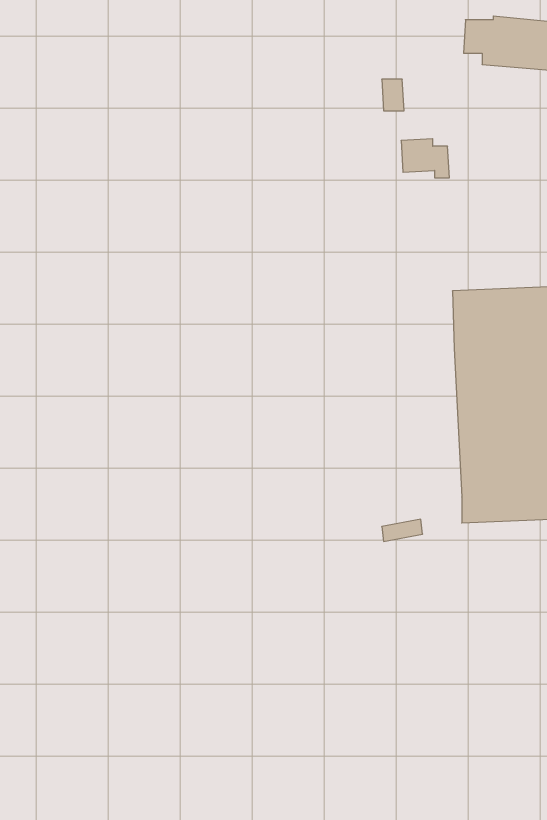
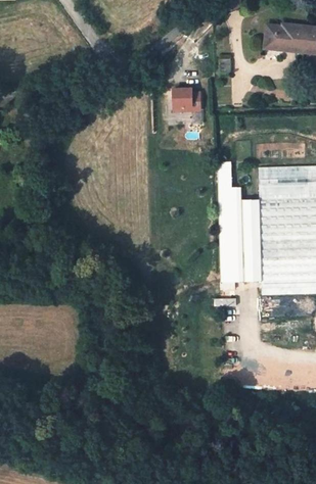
building: [401,139,449,178] -> [172,87,198,108]
building: none -> [218,165,262,287]

